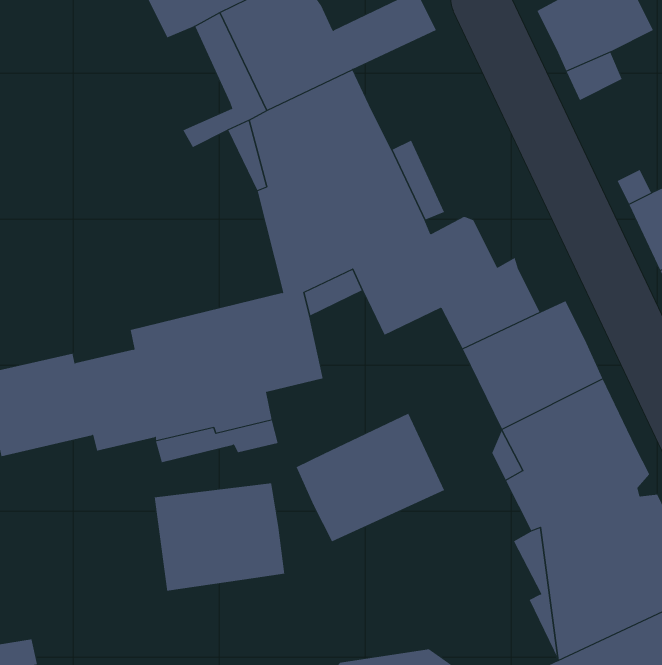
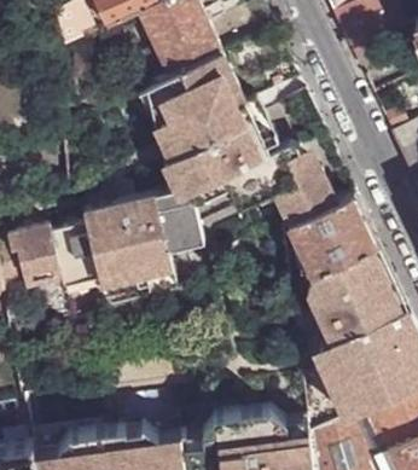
building: [296,413,445,542] -> none
building: [154,482,285,591] -> none

